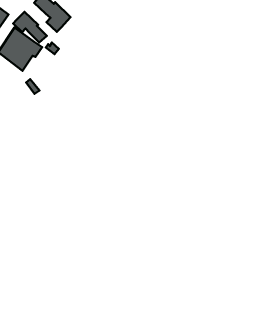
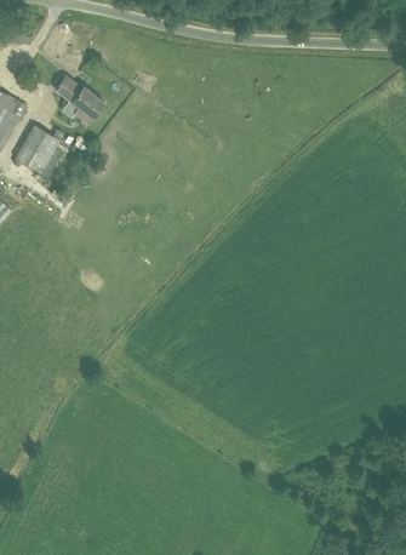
building: [13,12,47,42] -> none

